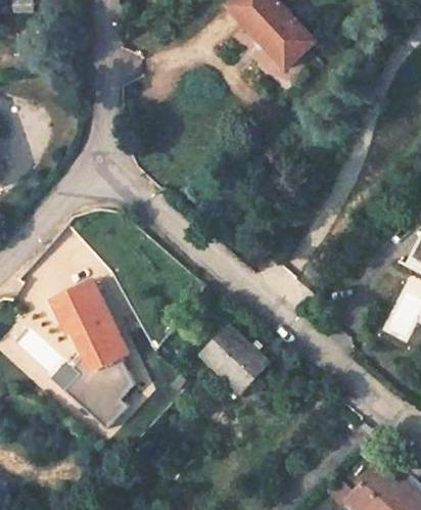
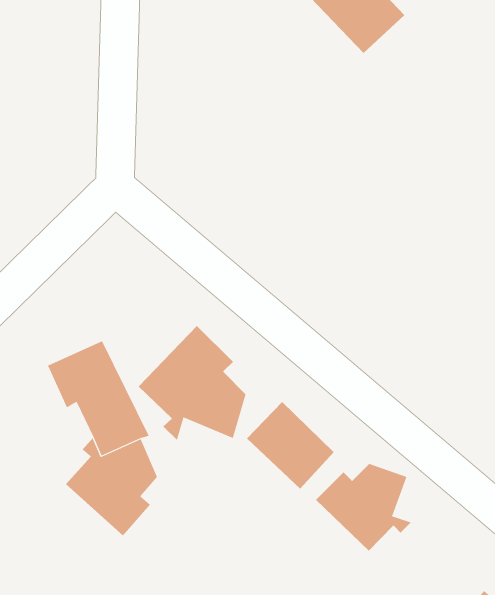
building: none -> [138,325,246,441]
building: none -> [315,463,412,552]

